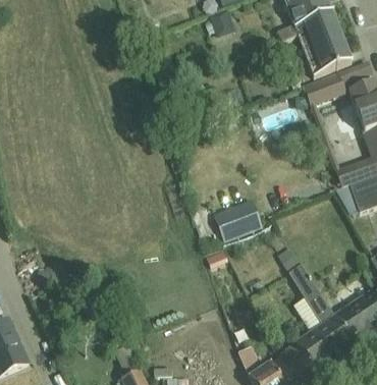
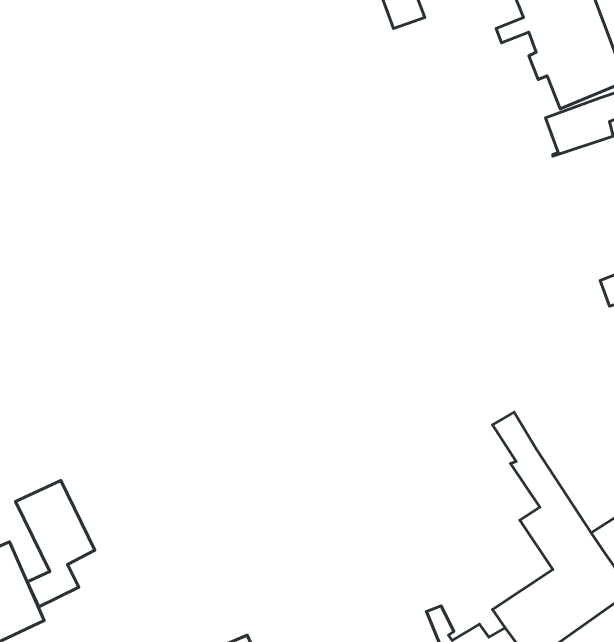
building: [210,198,262,242] -> none
building: none -> [16,480,95,607]

